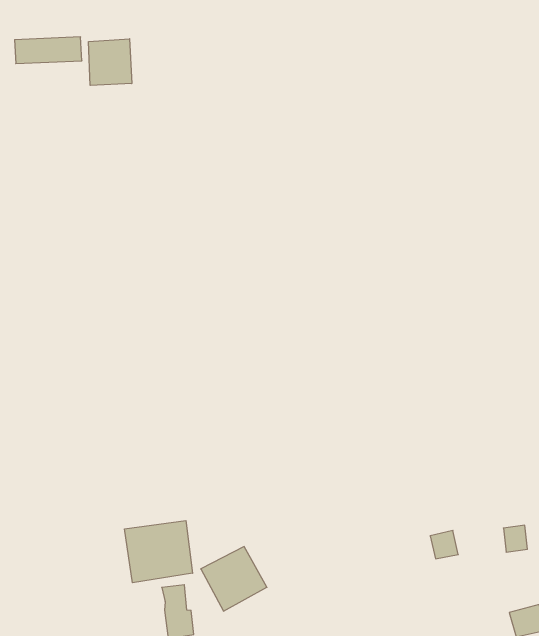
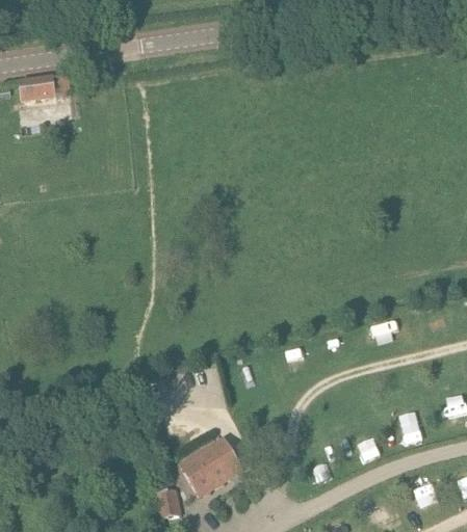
building: [89,39,132,85] -> none
building: [125,521,193,583] -> none

